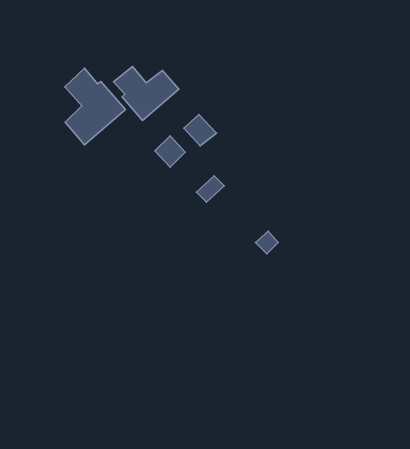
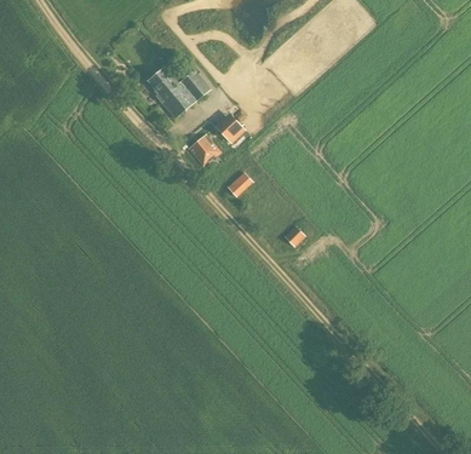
building: [65,68,125,145] -> none

